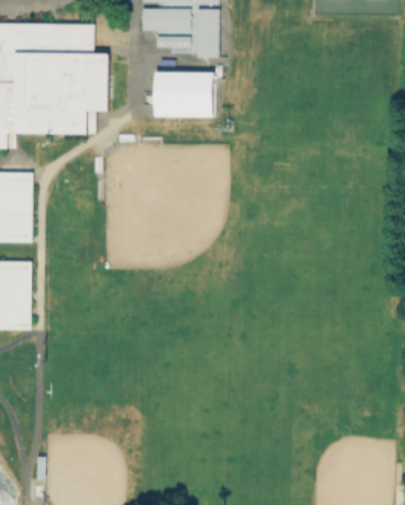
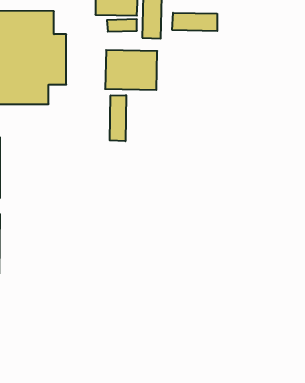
building: none -> [172,13,217,31]
building: none -> [110,95,126,141]

